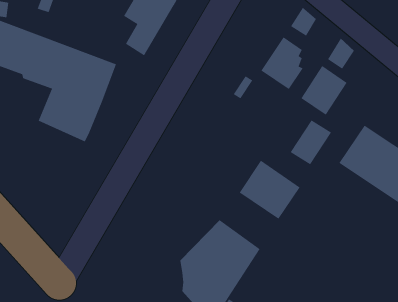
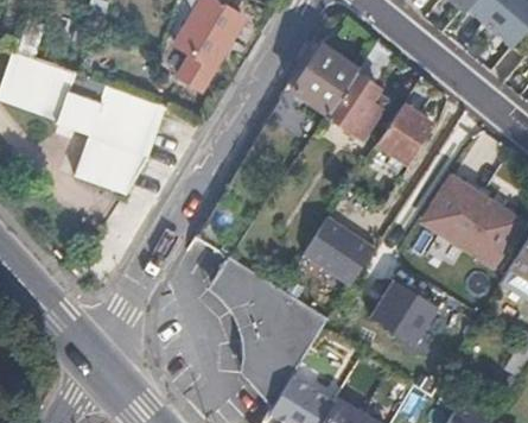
building: none -> [297,45,361,113]
building: [290,120,332,165] -> none
building: none -> [202,250,284,333]
building: none -> [373,279,441,346]

